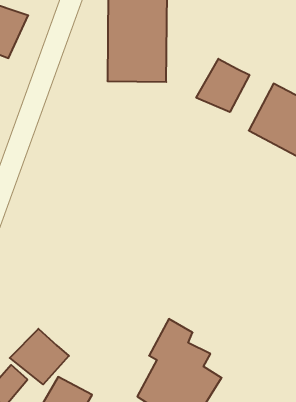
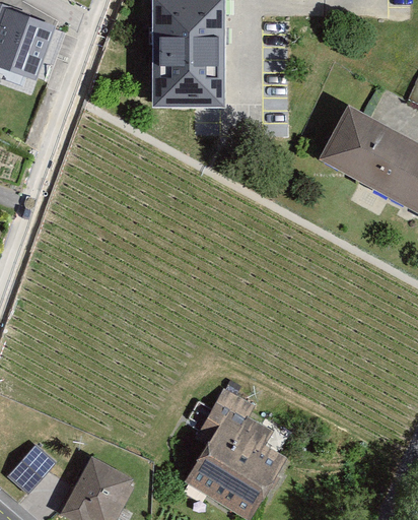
building: [196,59,249,112] -> none
building: [10,329,69,384] -> none

